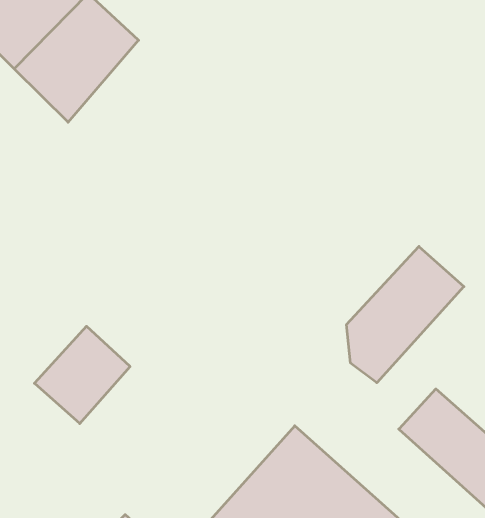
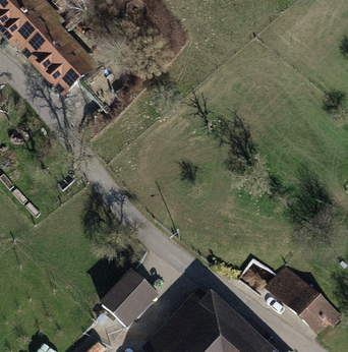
building: [347,246,464,383] -> none
building: [34,326,130,424] -> [100,270,158,329]

